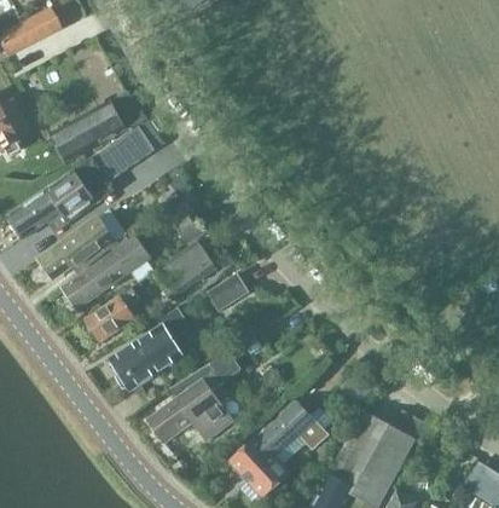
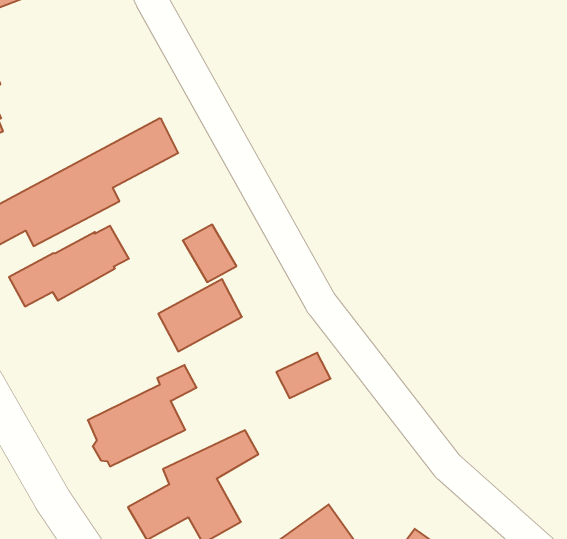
building: [50,92,146,161] -> none
building: [63,236,151,308] -> none
building: [208,273,249,310] -> [276,353,331,398]
building: [85,287,141,342] -> none

